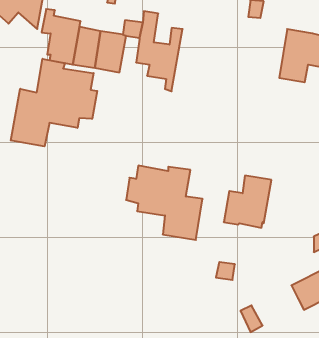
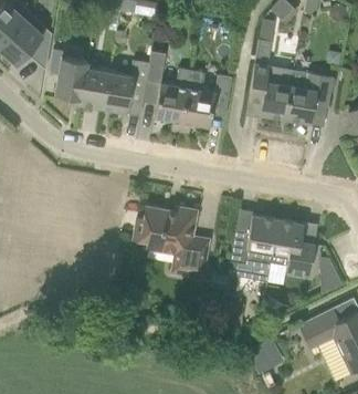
building: none -> [250,63,294,118]
building: none -> [179,70,232,133]
building: [11,59,97,146] -> none
building: none -> [271,220,314,276]

